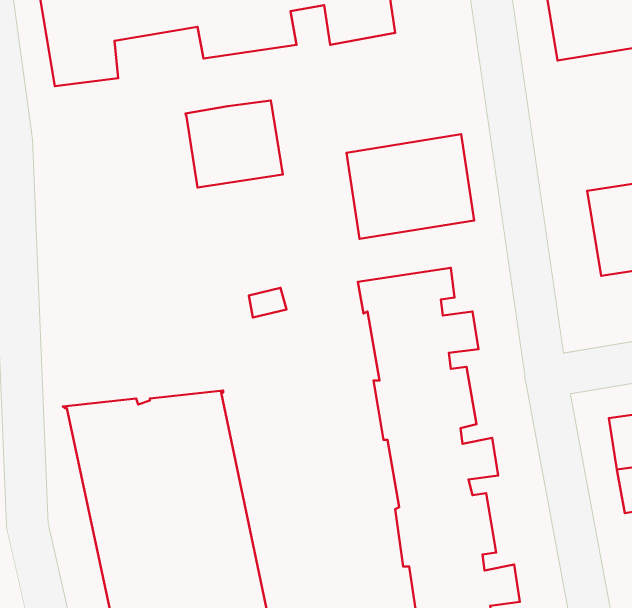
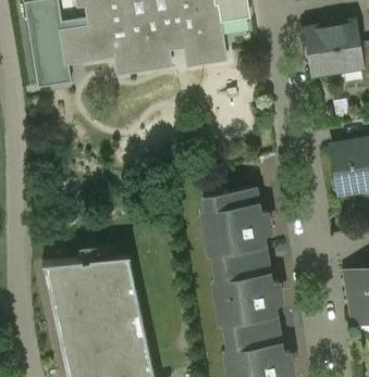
building: [185,101,283,187] -> none
building: [346,134,474,239] -> none

